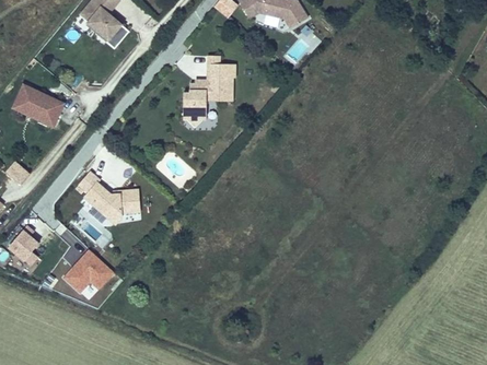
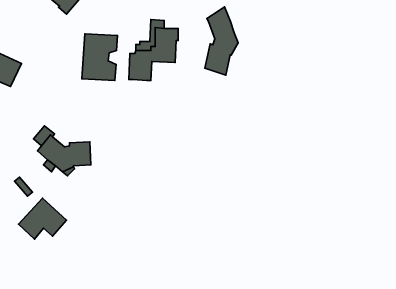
building: none -> [205,7,238,75]
building: none -> [82,34,118,80]

